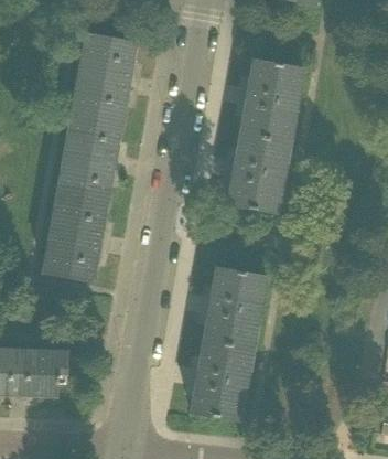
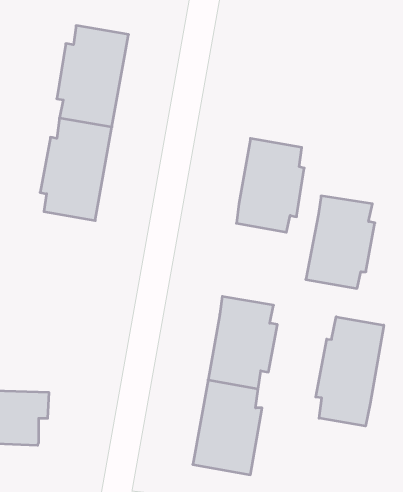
building: [240,61,300,140] -> [306,196,375,288]
building: [43,195,107,282] -> none
building: none -> [316,317,384,426]

